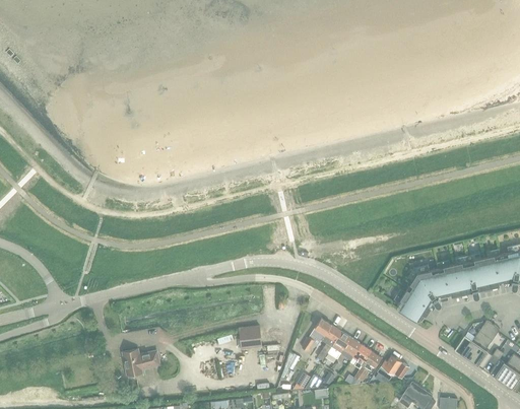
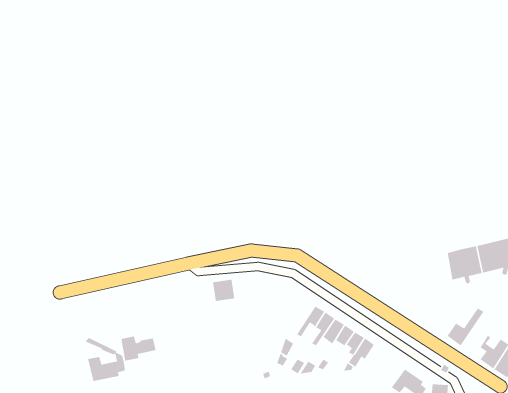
building: [397,264,460,319] -> none
building: [469,324,500,368] -> none
building: [239,325,262,348] -> [212,279,235,302]
building: none -> [84,337,126,382]
building: [377,354,408,380] -> none

